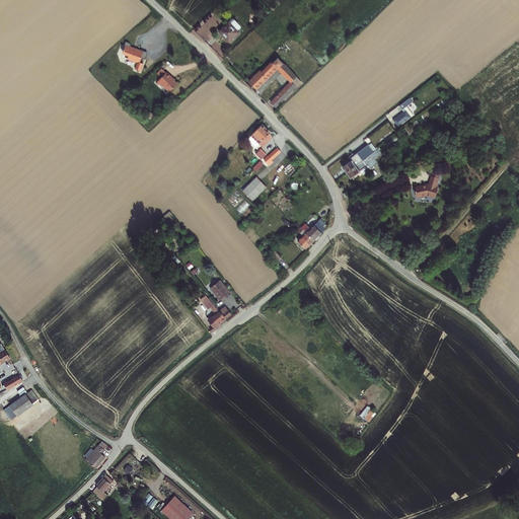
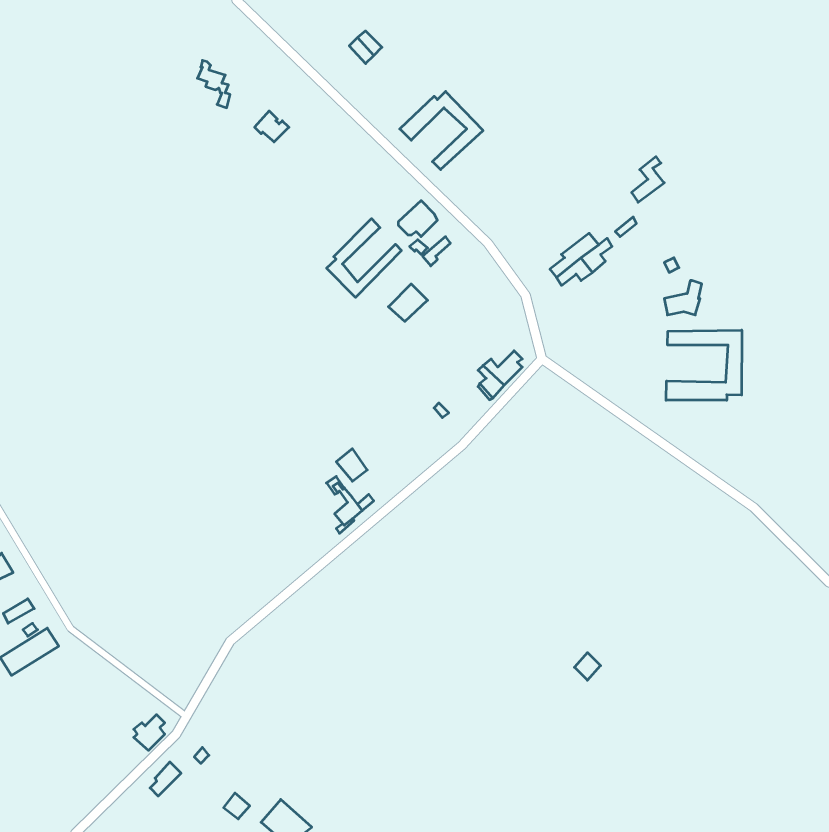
building: none -> [327,219,401,297]
building: none -> [666,330,742,400]

